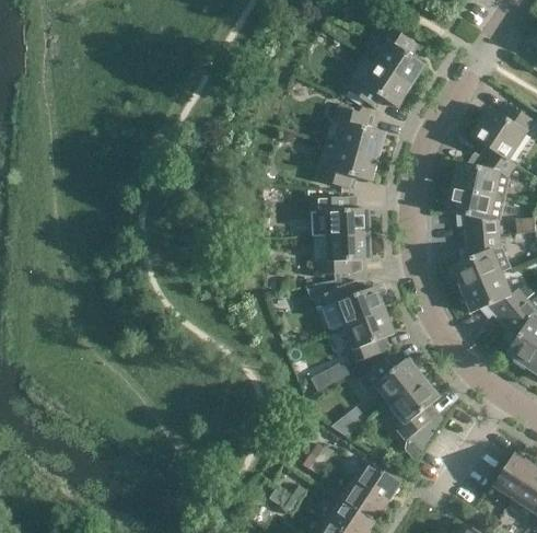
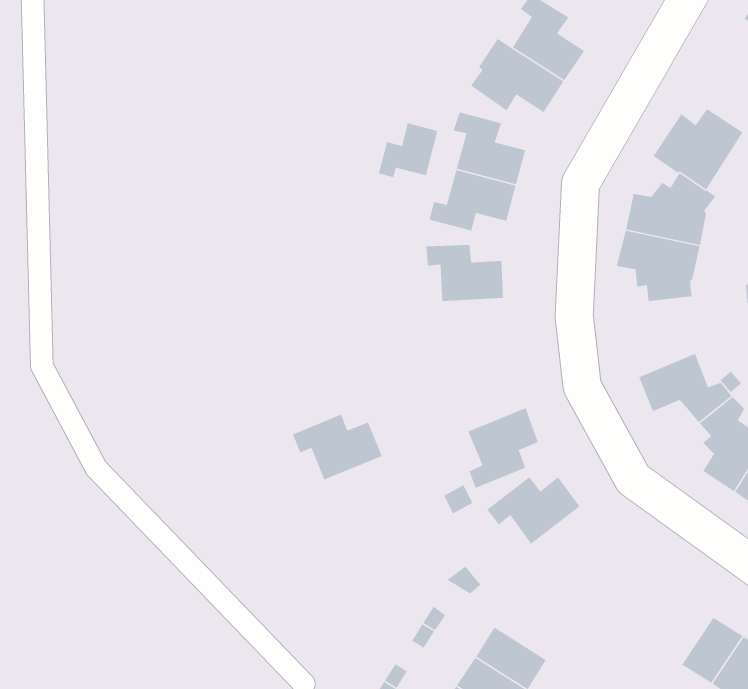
building: none -> [378,122,438,178]
building: [452,234,510,289] -> none
building: [318,235,371,276] -> none
building: [323,280,385,326] -> [292,413,383,481]
building: [388,378,440,452] -> none

